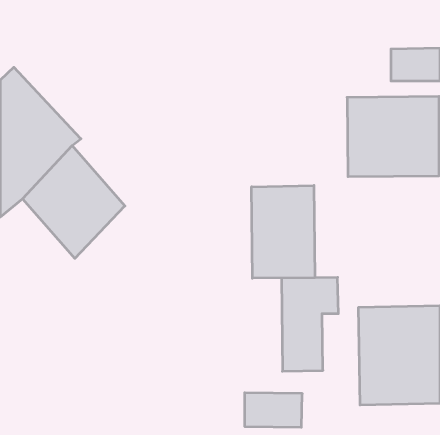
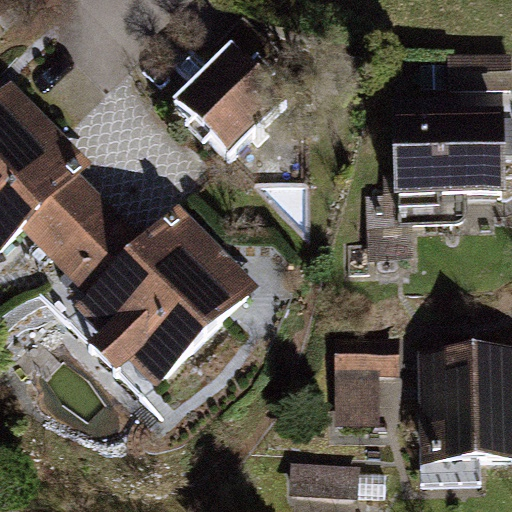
building: none -> [176,45,286,155]
building: none -> [73,208,260,396]
building: [252,185,315,278] -> none

